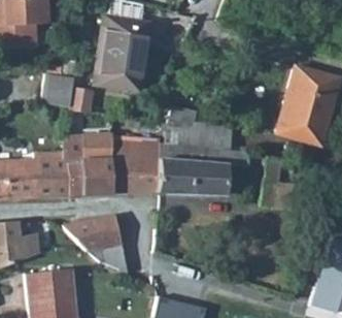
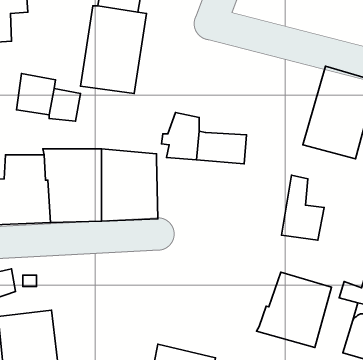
building: [158,144,251,195] -> none
building: [64,216,128,275] -> none
building: none -> [257,272,331,347]

